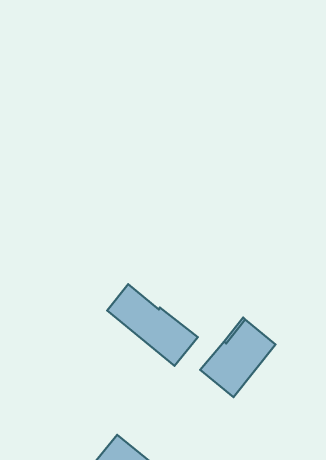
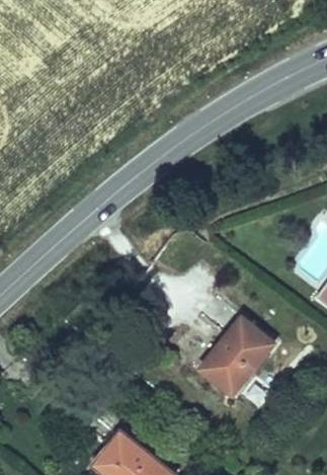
building: [107,284,198,366] -> none

